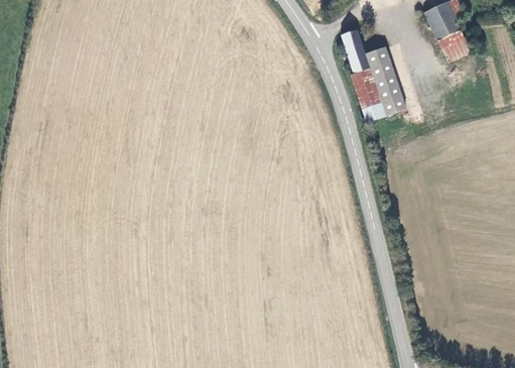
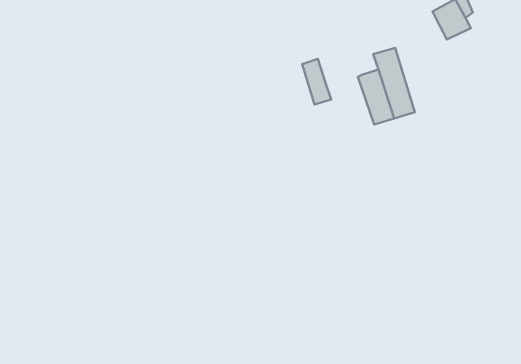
building: [437,29,471,62] -> none
building: [343,30,371,75] -> [302,59,331,105]

